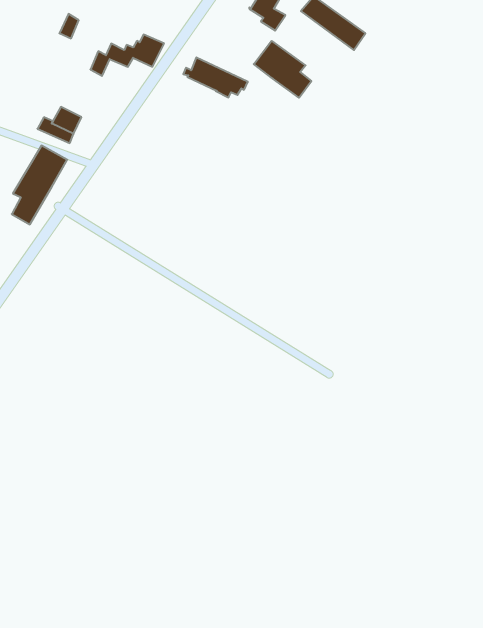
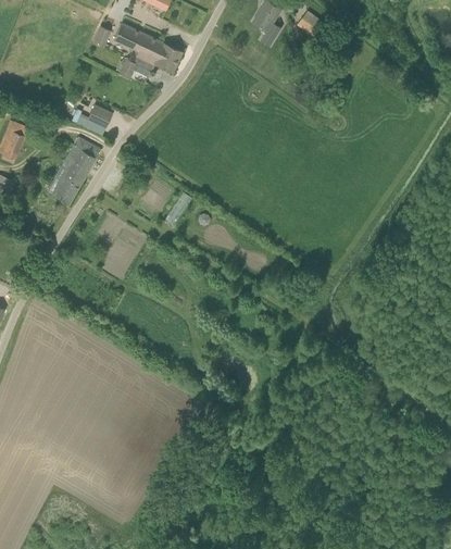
building: [254,41,311,98] -> none
building: [183,57,248,97] -> [109,23,163,57]

